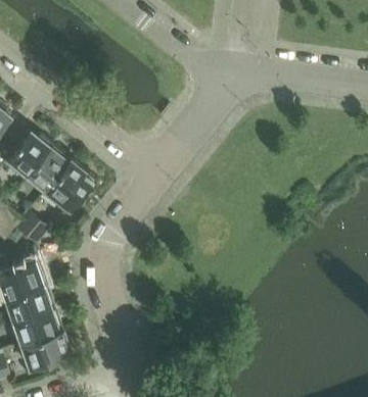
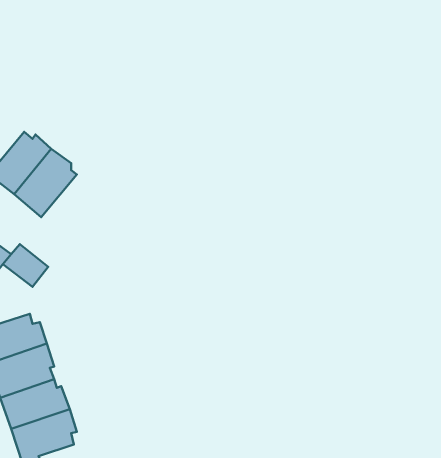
building: [40,159,96,212] -> none

